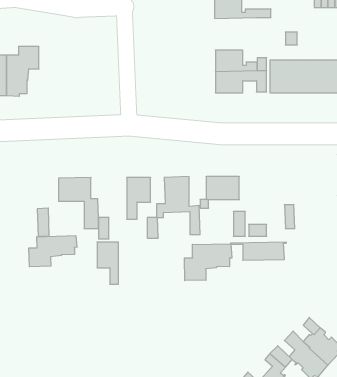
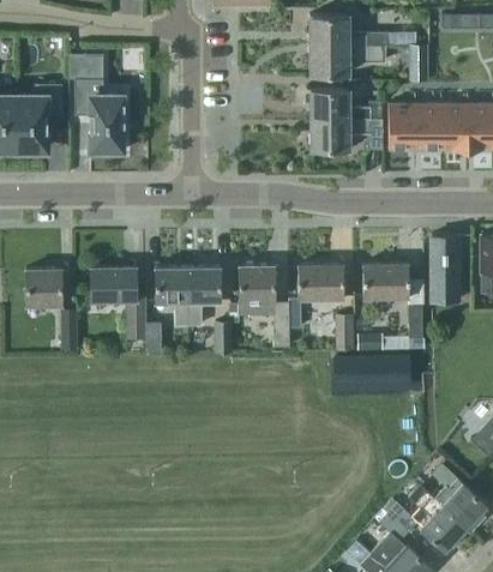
building: none -> [309,43,384,74]
building: none -> [68,54,125,152]
building: none -> [432,235,457,301]
building: none -> [362,265,407,297]
building: none -> [26,269,61,307]
building: [29,236,77,267] -> none
building: [97,242,118,284] -> [156,267,186,326]
building: [184,244,232,281] -> none

